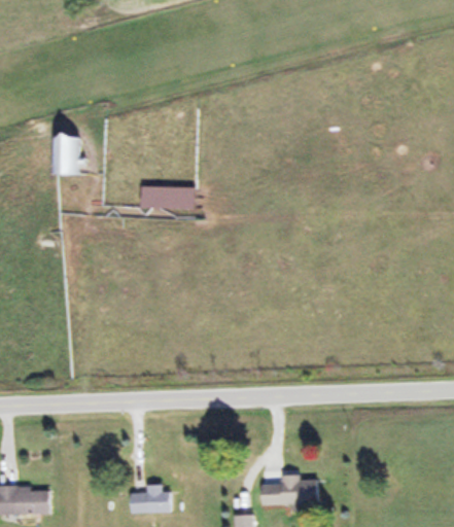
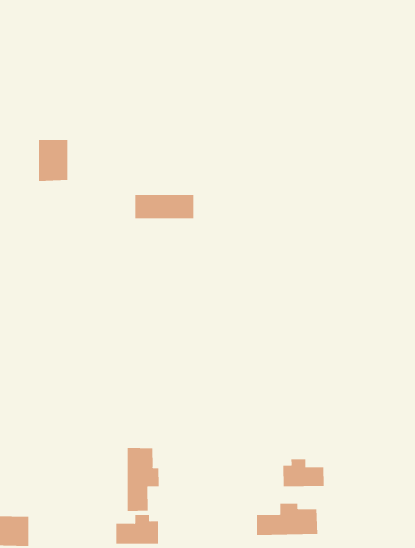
building: none -> [127,447,159,512]
building: none -> [283,458,324,487]

